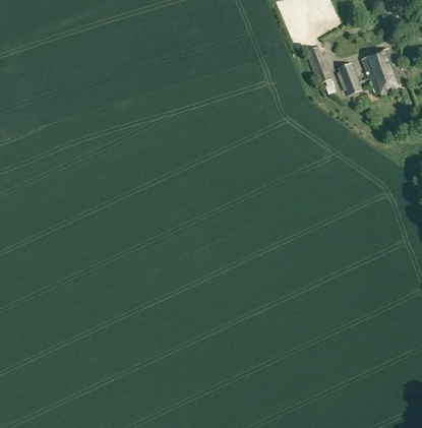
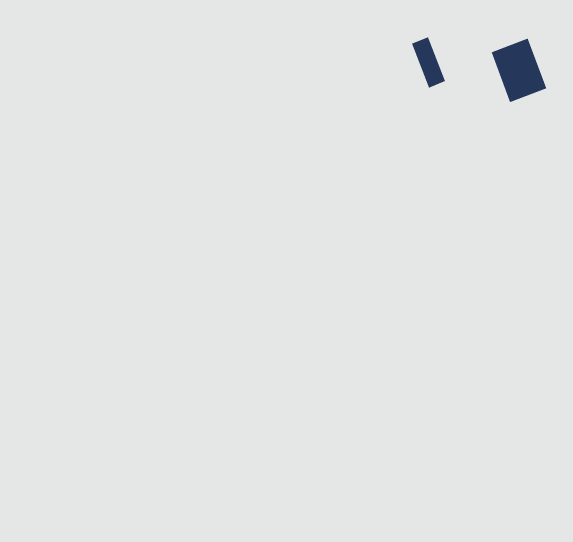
building: [337,61,362,94] -> none

